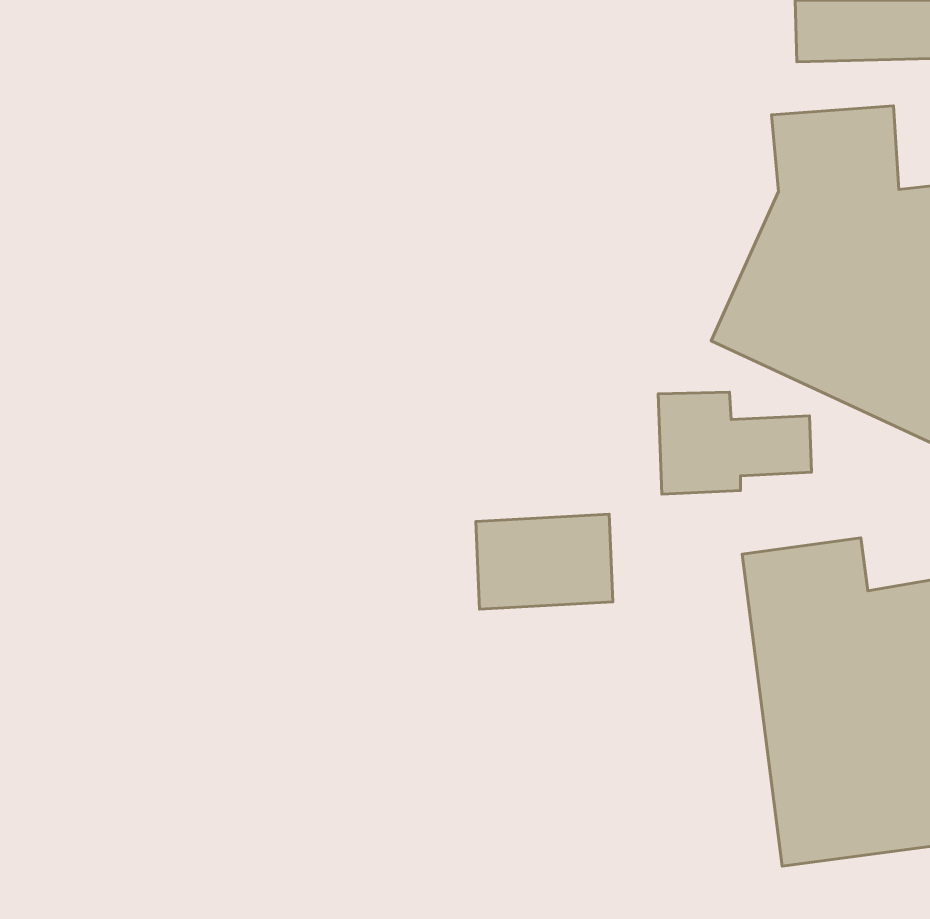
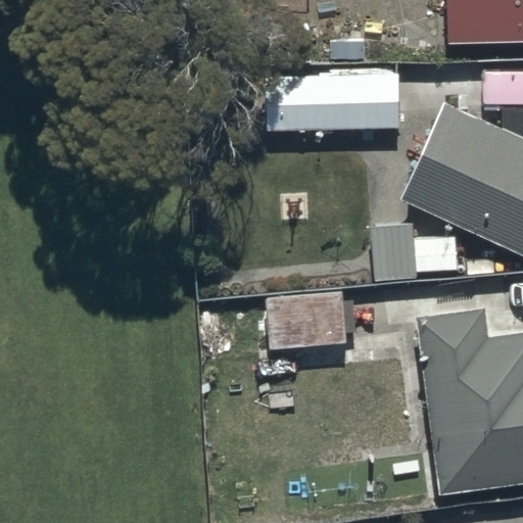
building: none -> [283,75,399,130]

